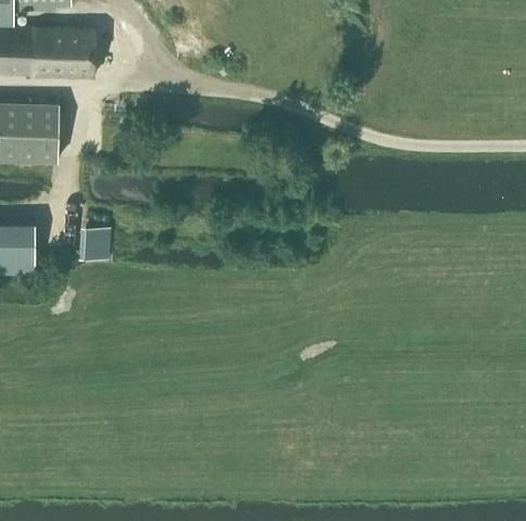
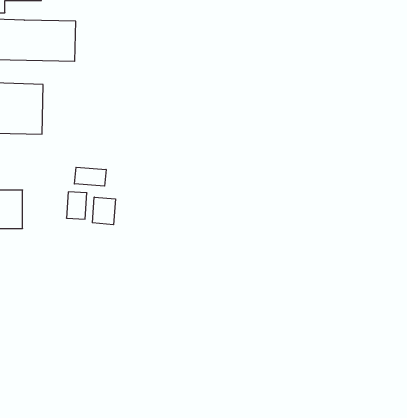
building: none -> [74,167,106,186]
building: none -> [92,197,115,225]

